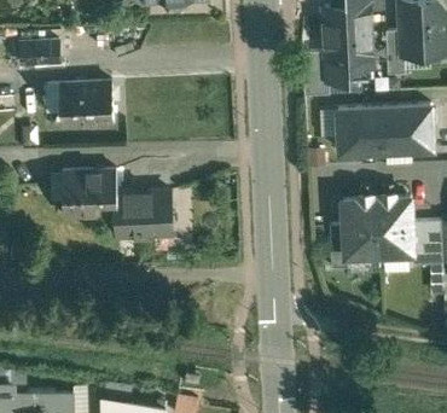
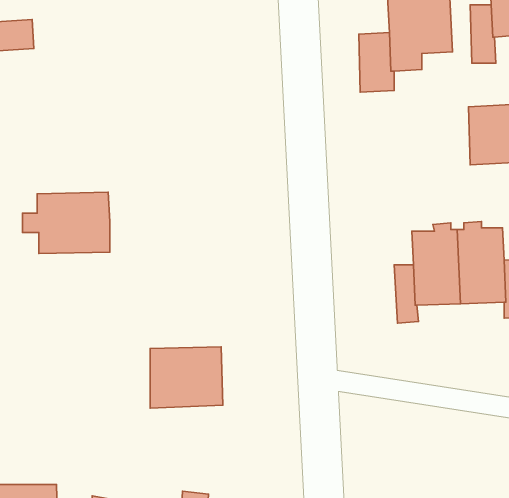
building: [46,83,114,124] -> none
building: [335,107,387,152] -> none
building: [117,192,172,238] -> [150,347,223,408]

